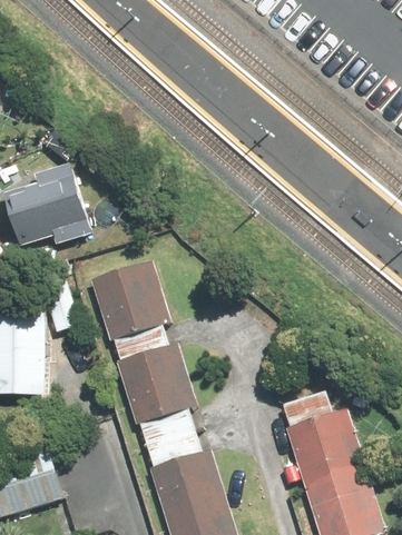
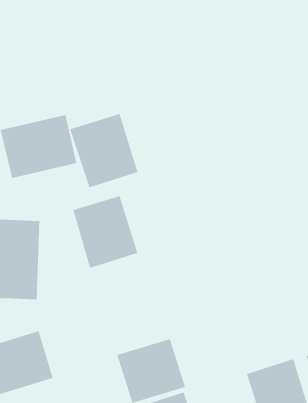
building: none -> [69,113,138,188]
building: [111,340,210,467] -> none
building: [283,394,364,491] -> none

